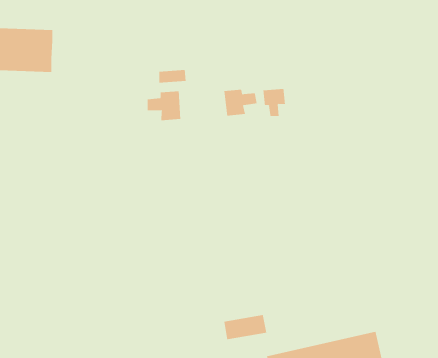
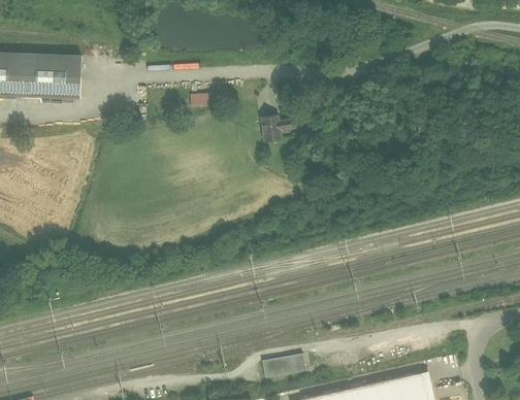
building: [263,88,286,117] -> none
building: [147,90,181,121] -> none

